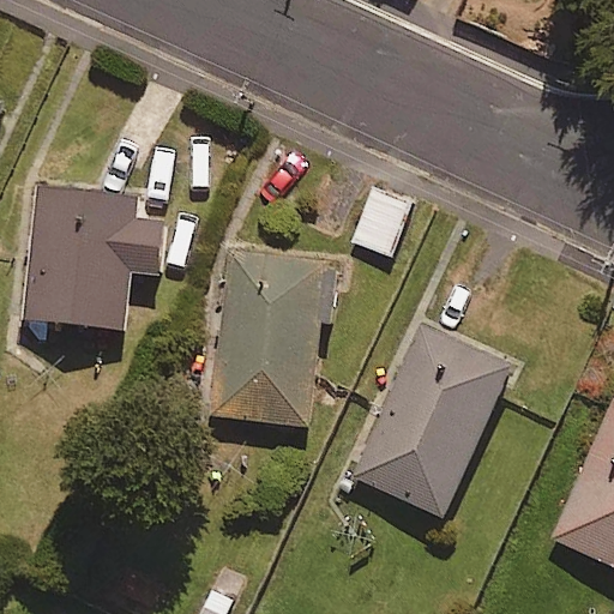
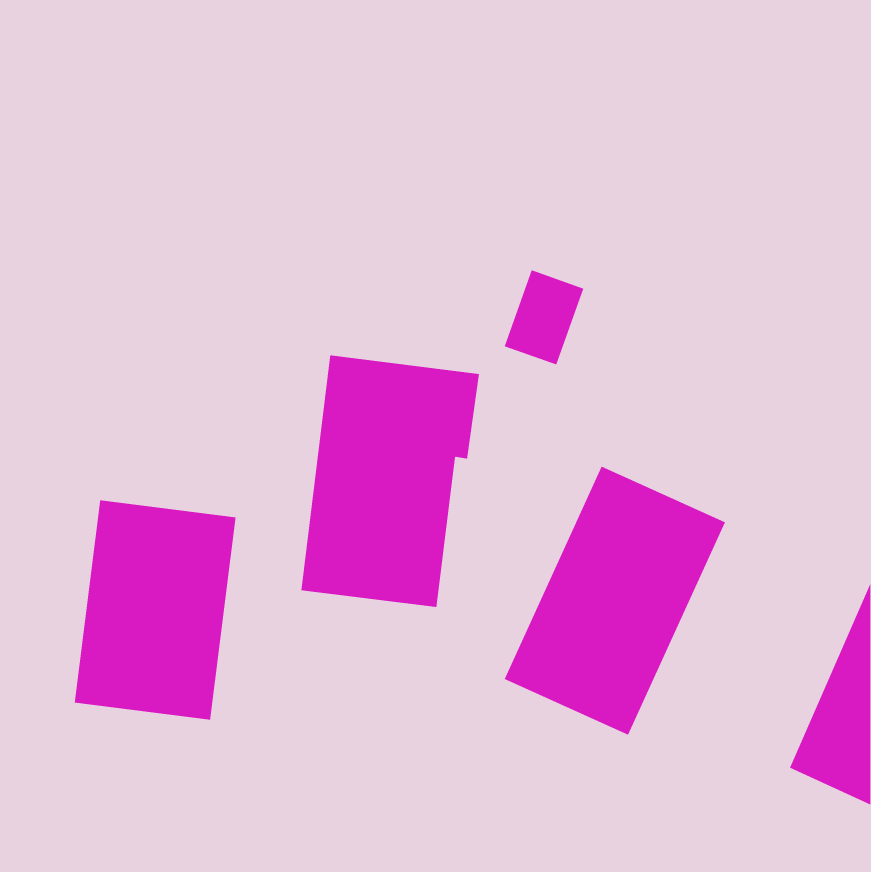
building: [25,186,162,330] -> none
building: none -> [74,499,236,720]

